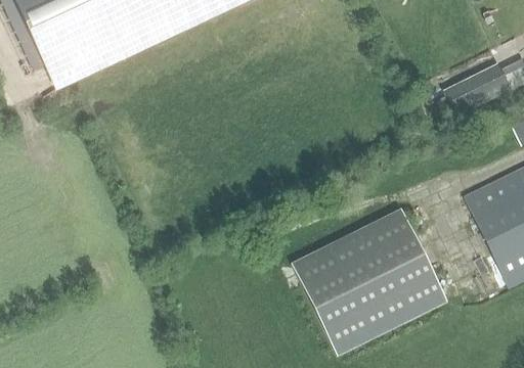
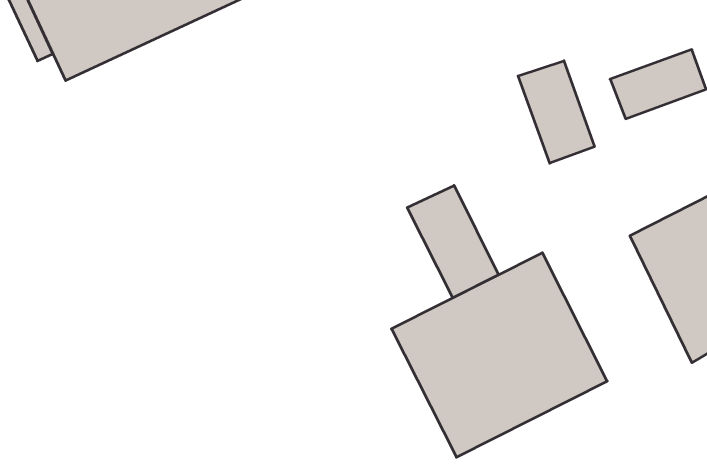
building: none -> [518,61,594,163]
building: none -> [407,185,498,298]

